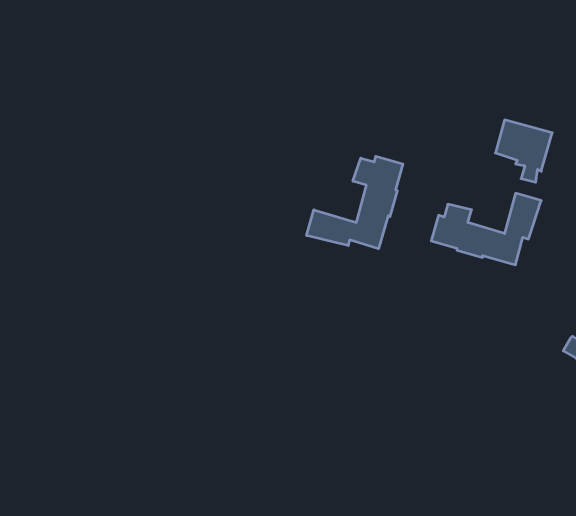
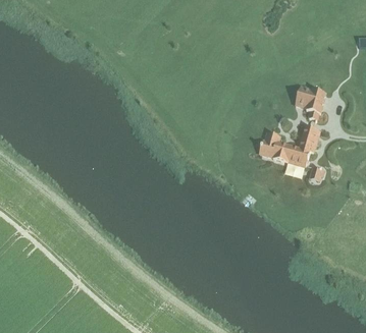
building: [307,156,403,249] -> none

